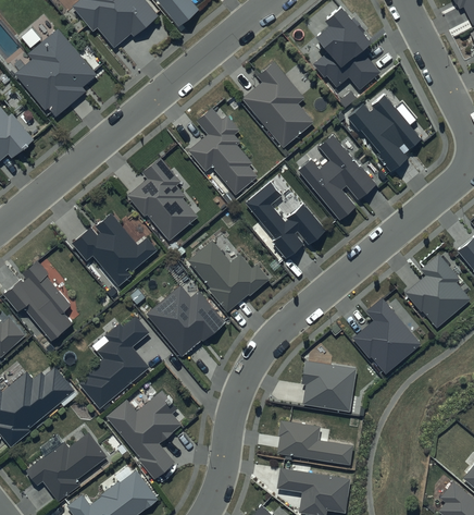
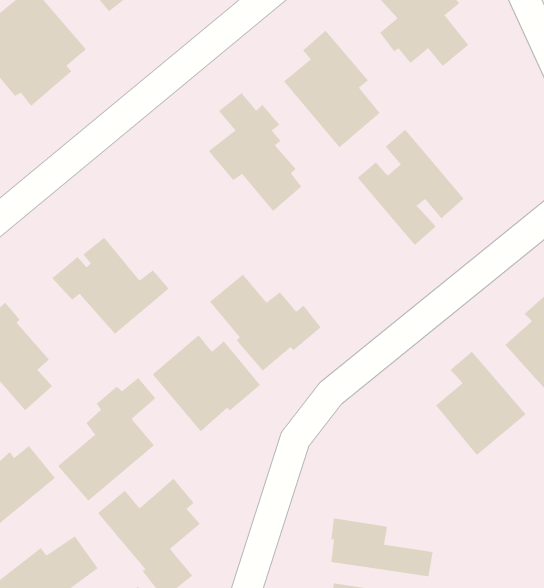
building: [347,94,423,172] -> none
building: [127,157,198,241] -> none
building: [245,181,327,258] -> none
building: [301,360,357,412] -> none

